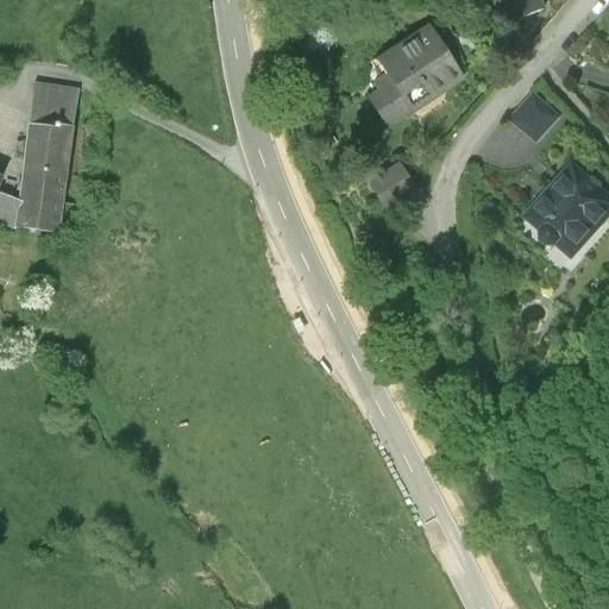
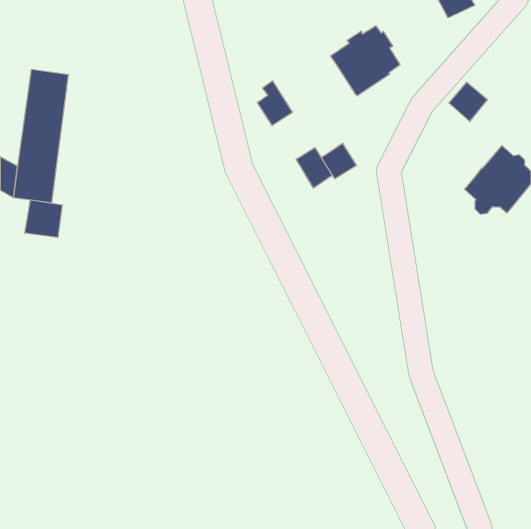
building: [366,73,407,124] -> [257,81,293,126]
building: none -> [296,148,332,188]
building: none -> [25,200,62,238]

